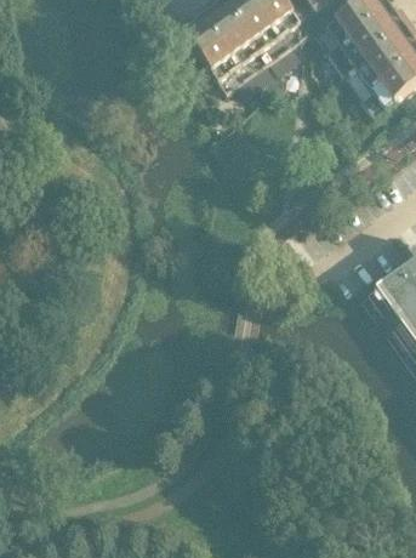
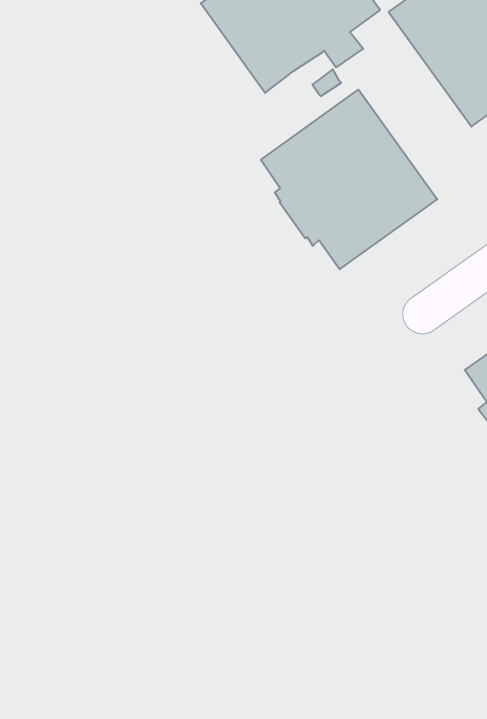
building: none -> [261,90,437,269]

